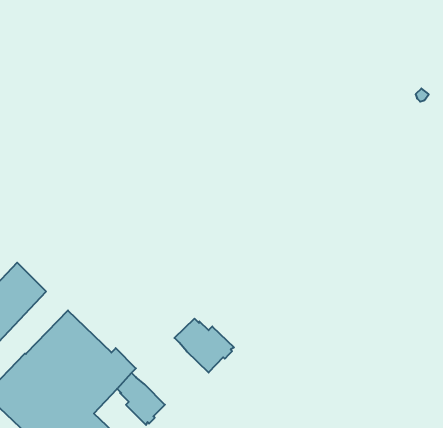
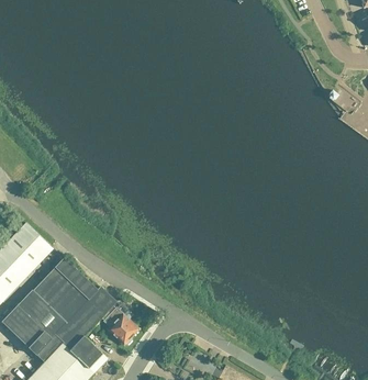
building: [174,319,234,373] -> none

